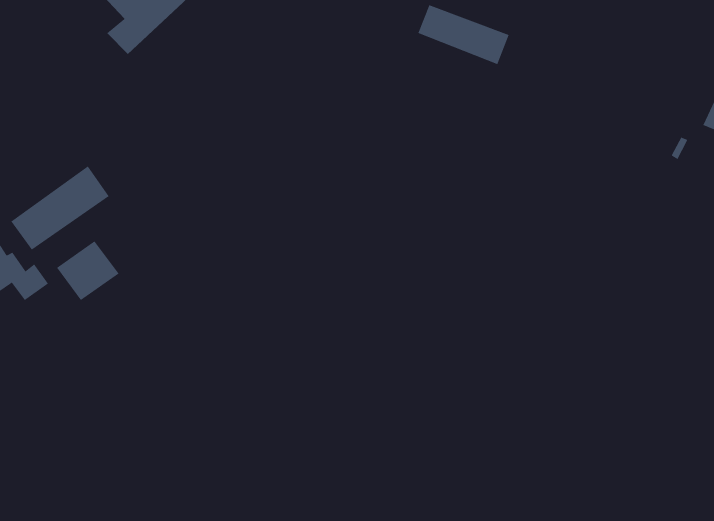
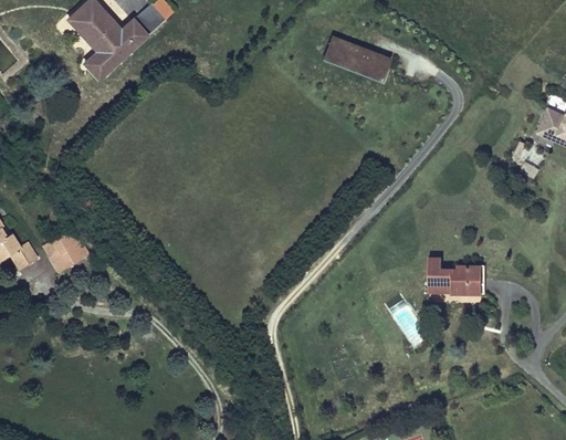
building: [10,166,110,250] -> none
building: none -> [430,254,483,300]

